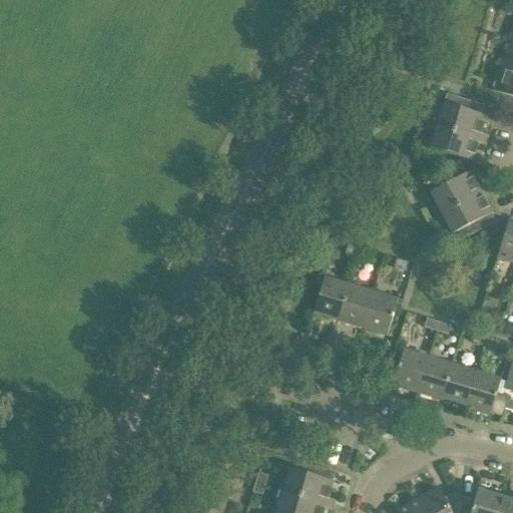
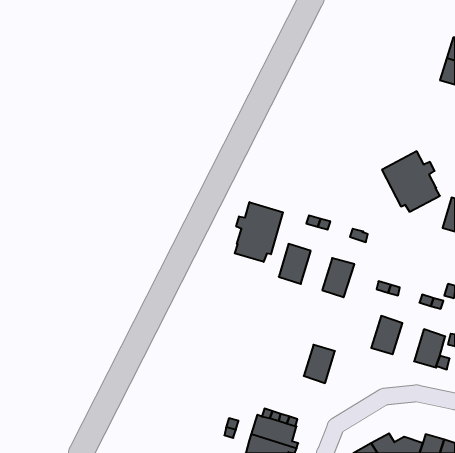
building: [430,93,488,160] -> none
building: none -> [235,202,283,262]
building: [339,283,374,327] -> none
building: [394,349,429,392] -> [304,345,335,383]
building: [442,364,477,407] -> none

